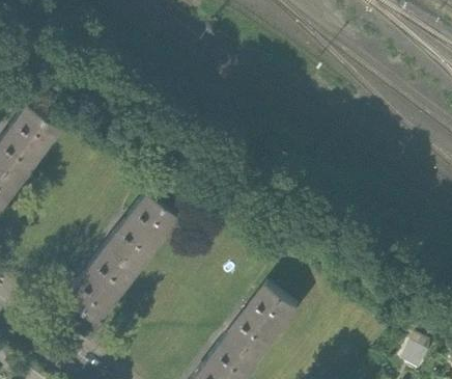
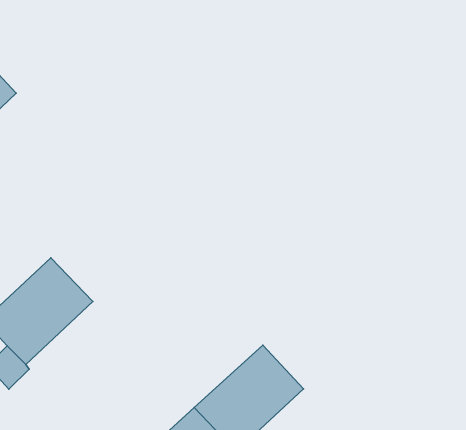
building: [104,191,180,272] -> none

